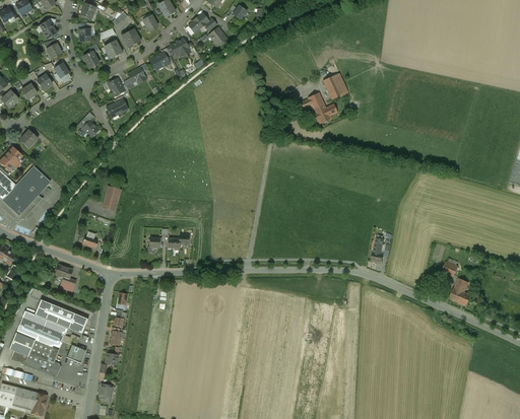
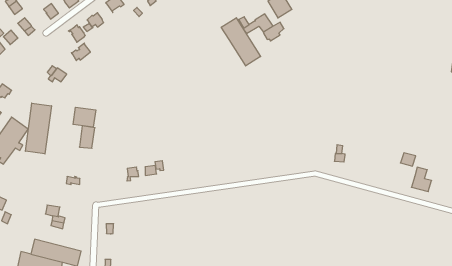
building: none -> [221,18,261,66]
building: none -> [25,103,51,154]
building: none -> [73,107,96,127]

